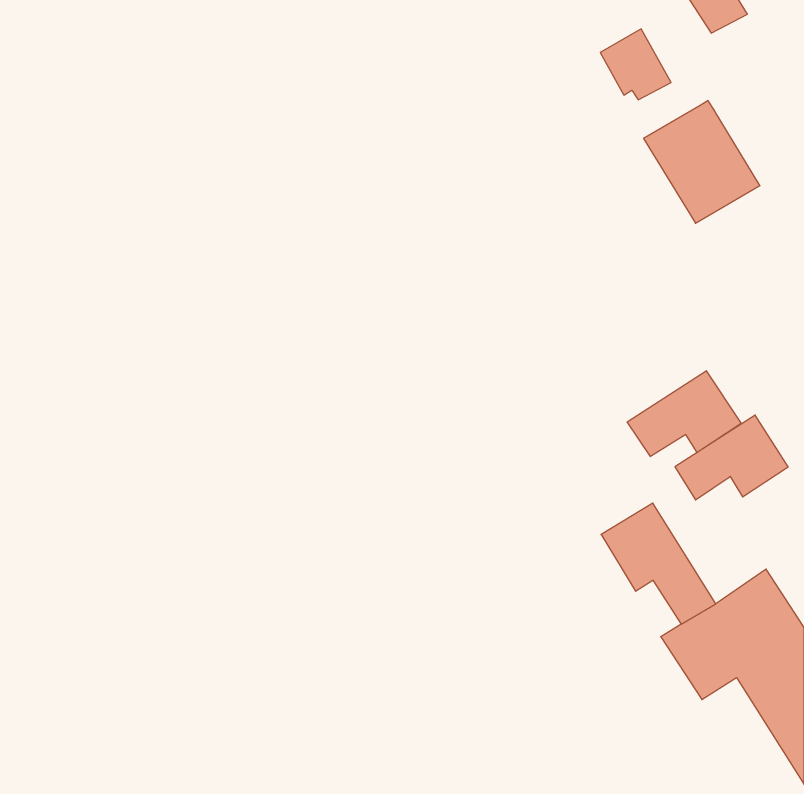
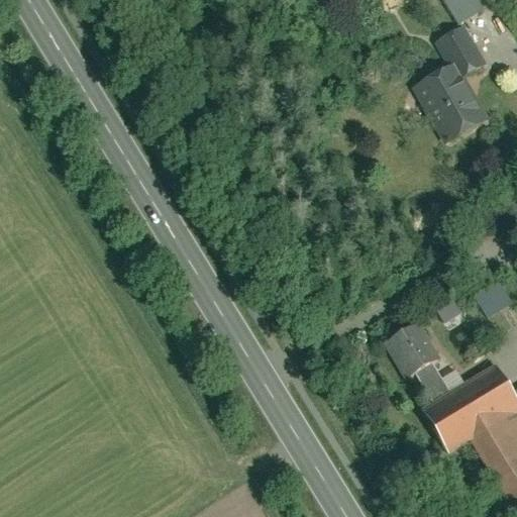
building: [600,29,671,100] -> [434,25,480,71]
building: [627,371,741,457] -> none

